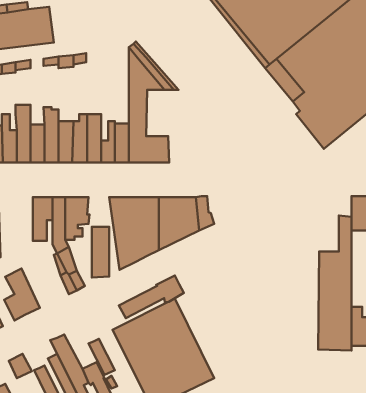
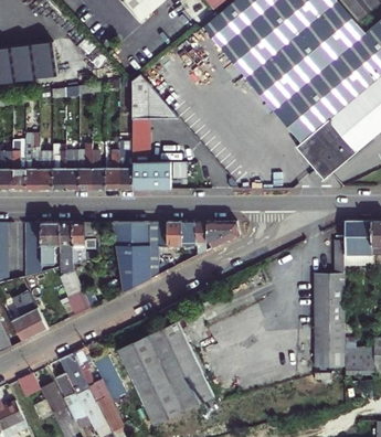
building: none -> [208,221,242,247]
building: [92,227,109,278] -> [24,222,41,270]
building: [119,275,184,318] -> none

